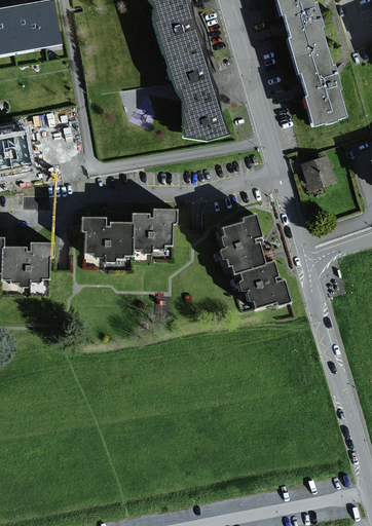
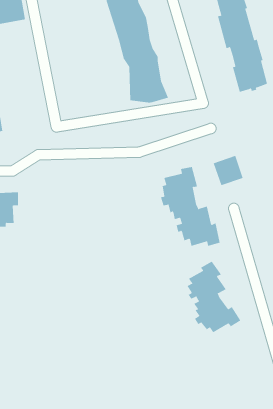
building: [299,154,335,190] -> [213,155,244,186]
building: [78,210,175,264] -> none
building: none -> [187,261,241,333]

